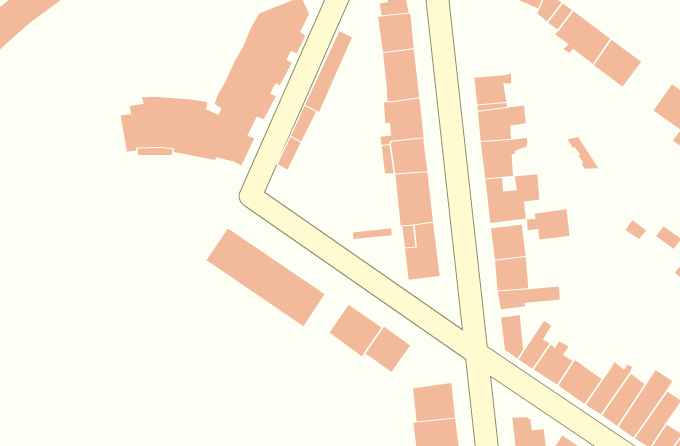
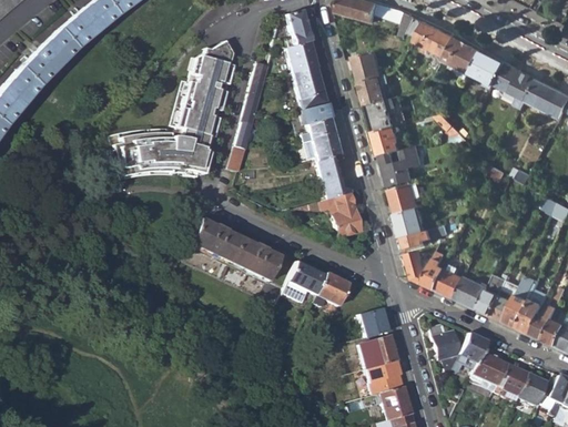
building: none -> [355,51,384,82]
building: none -> [473,51,508,85]
building: [527,208,570,240] -> none

